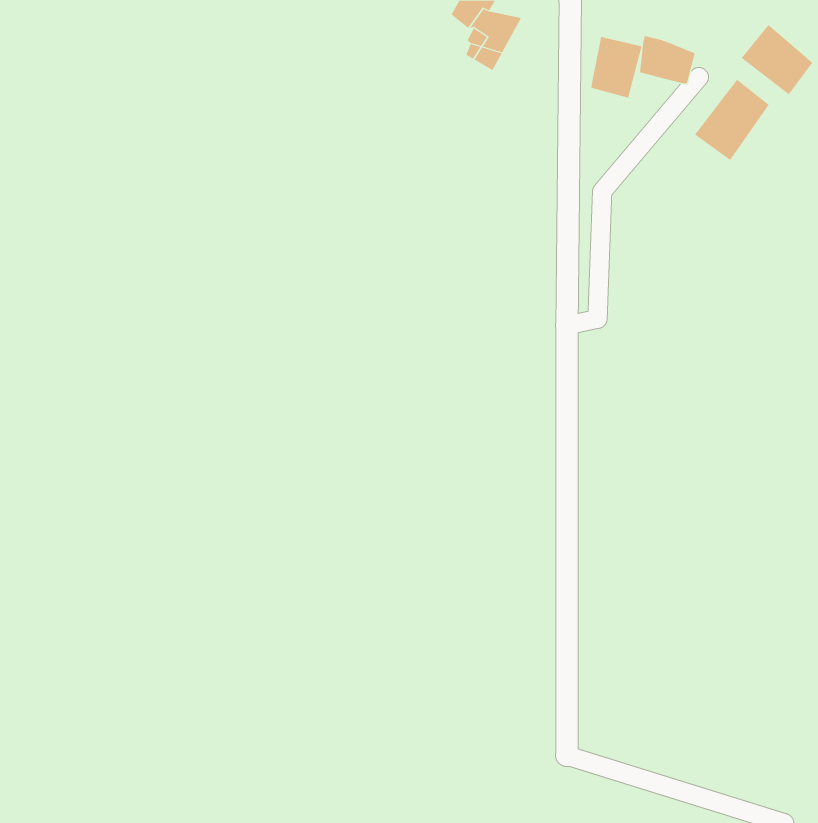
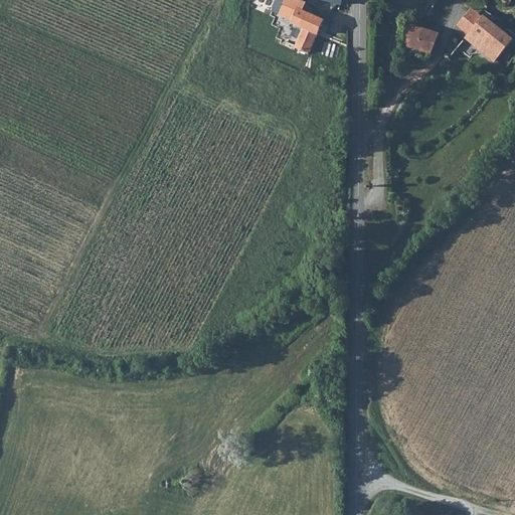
building: [591,36,642,98] -> none
building: [694,79,769,161] -> none

